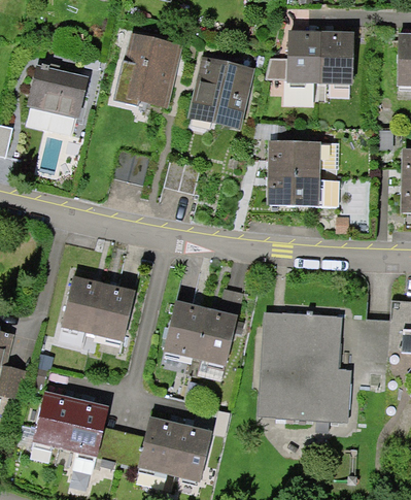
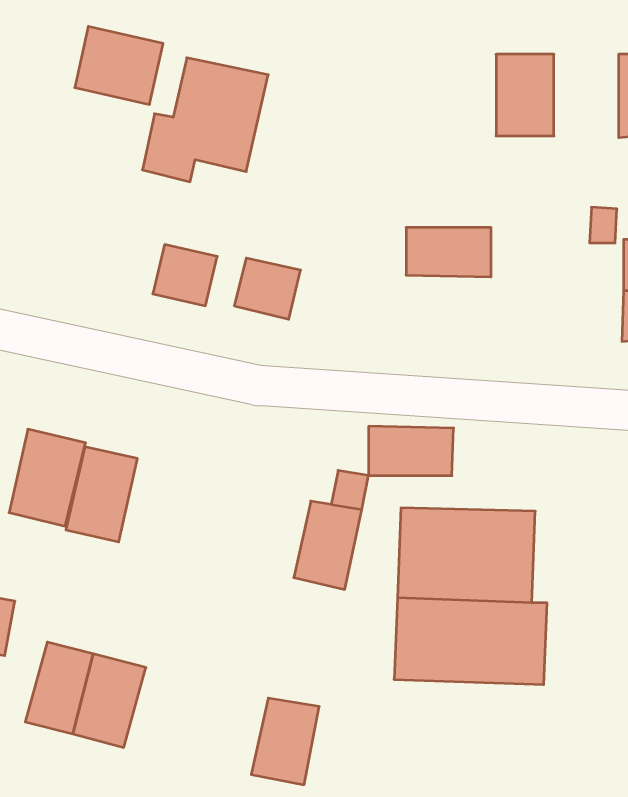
building: [285,36,320,86] -> none
building: [191,59,255,129] -> none
building: [30,70,83,118] -> [75,26,163,104]
building: [266,170,317,200] -> [369,426,454,476]
building: [92,281,138,340] -> [9,429,86,526]
building: [166,300,208,354] -> none
building: [143,421,182,473] -> none

